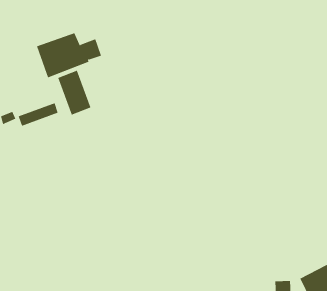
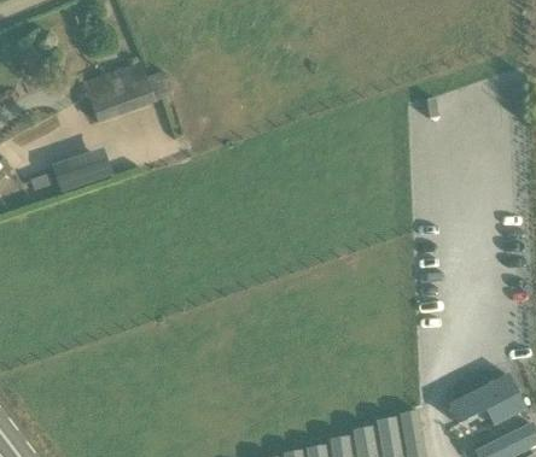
building: [58,70,91,115] -> none

